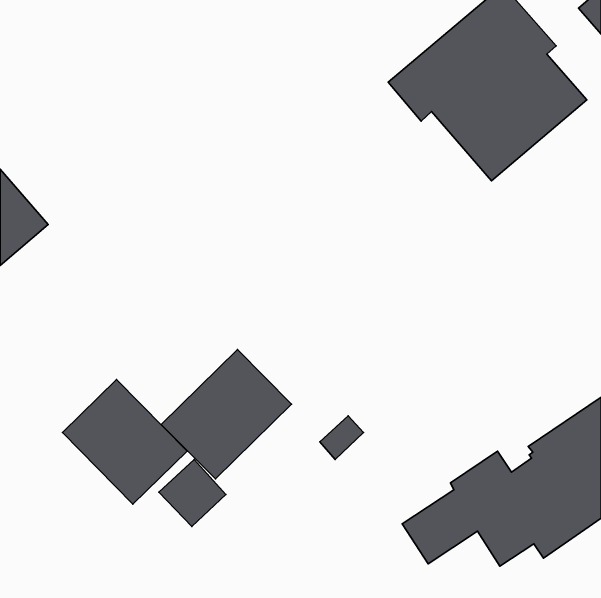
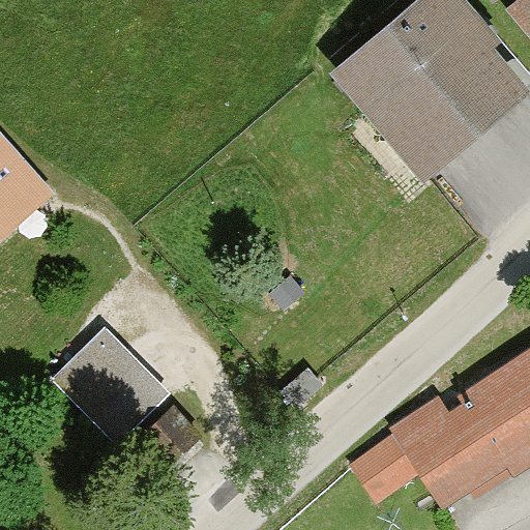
building: [161,350,291,479] -> none

